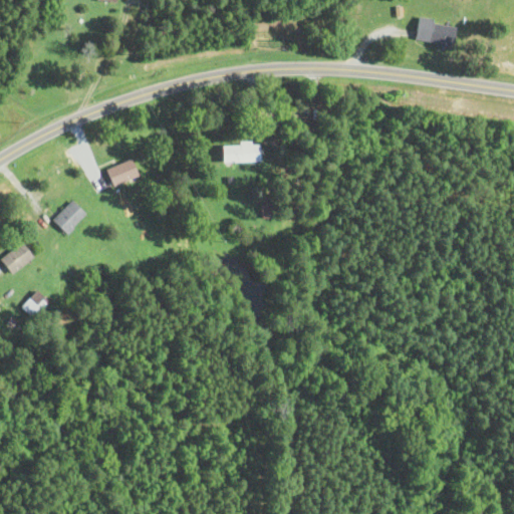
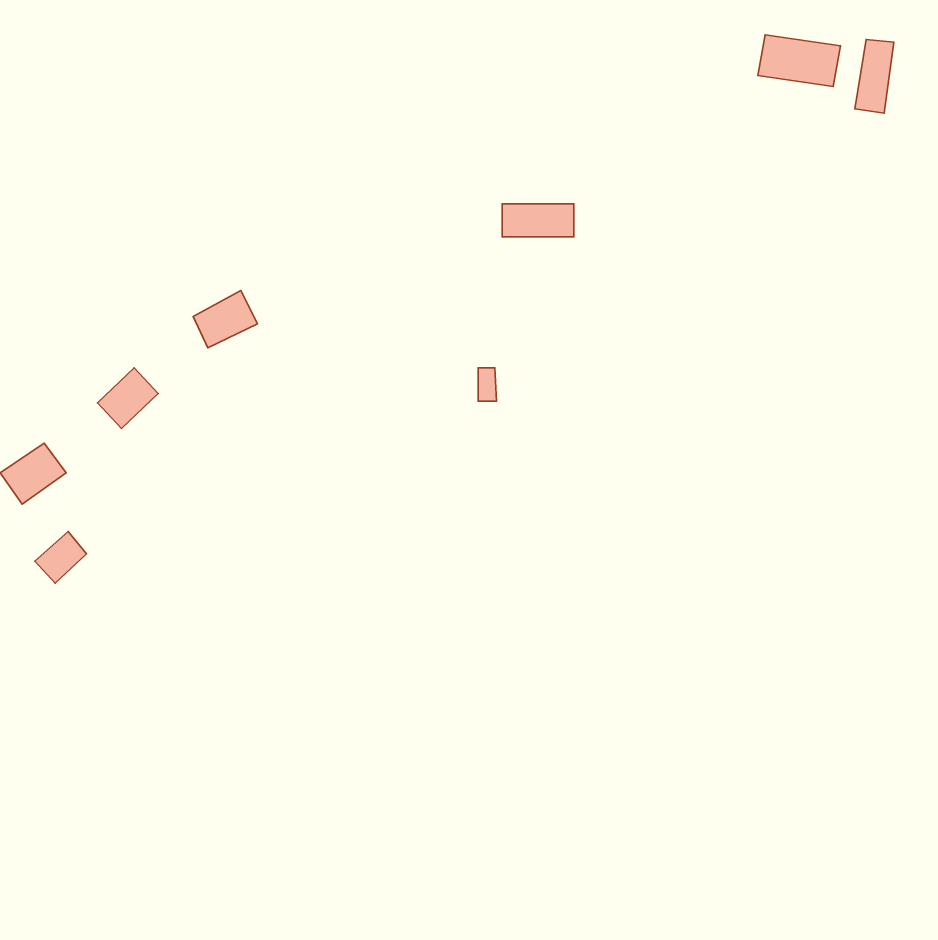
building: none -> [855,39,894,113]
building: [221,145,260,163] -> [502,204,574,237]

